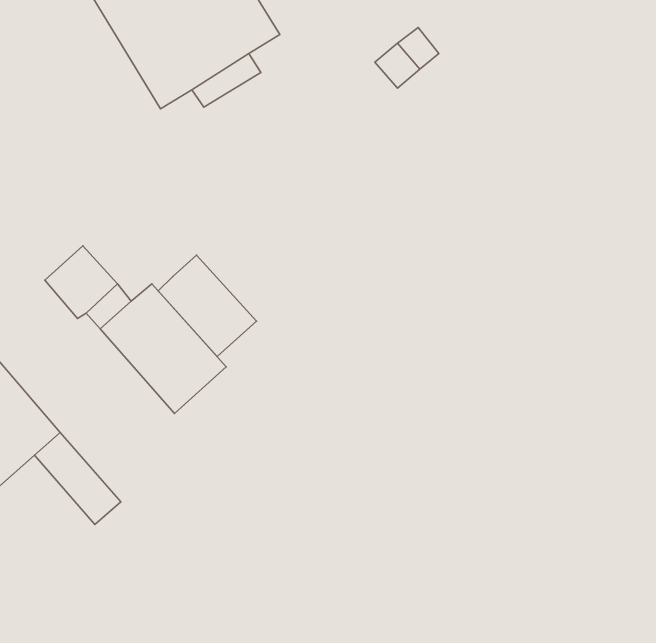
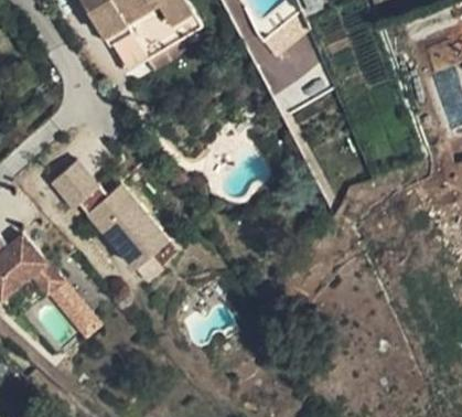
building: [158,255,257,357] -> none

